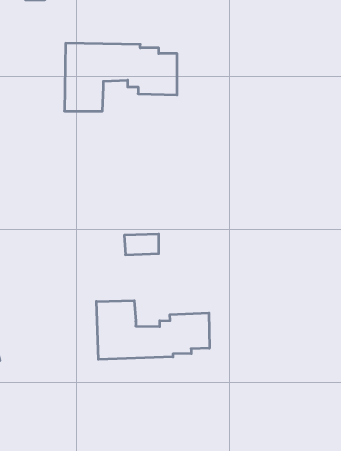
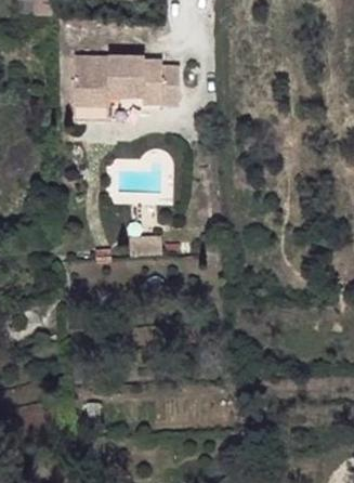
building: [96,301,209,359] -> none

